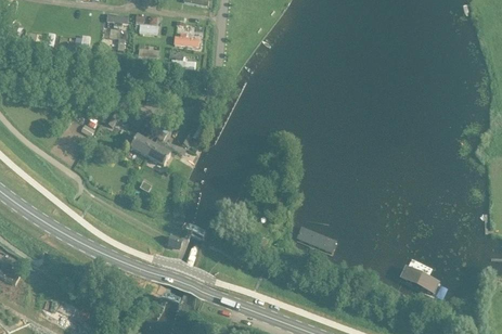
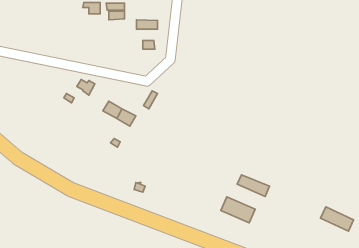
building: none -> [221,197,255,223]

